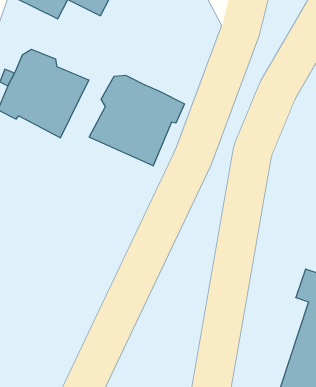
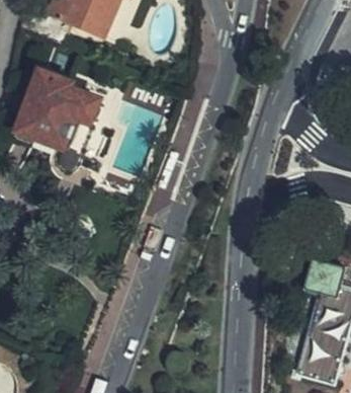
building: [89,75,185,166] -> none

